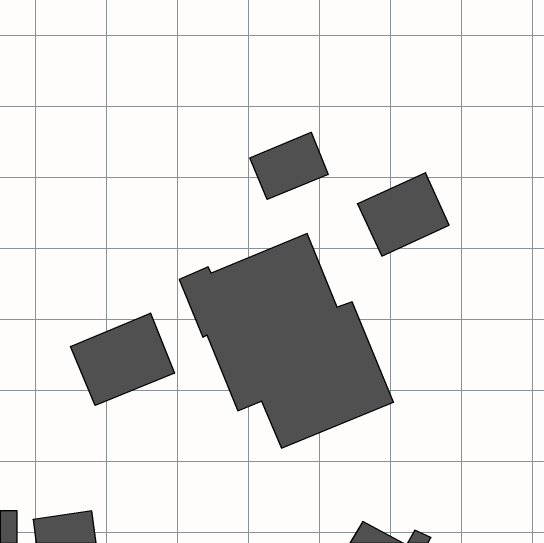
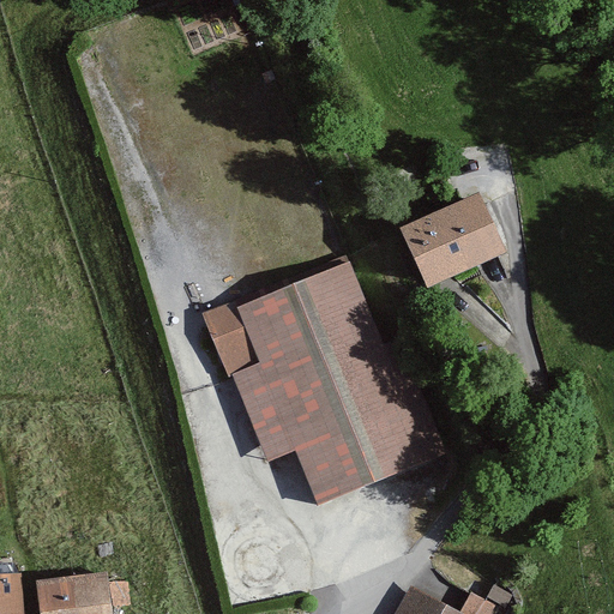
building: [250,132,328,199] -> none
building: [71,313,174,405] -> none

